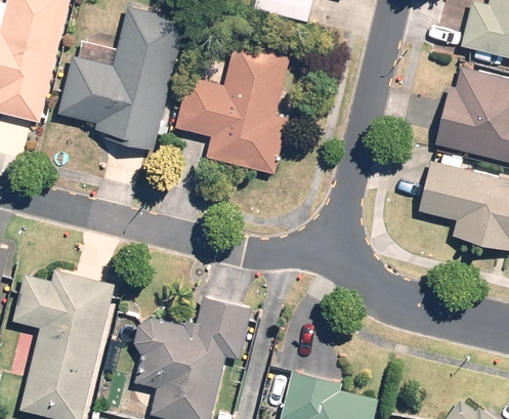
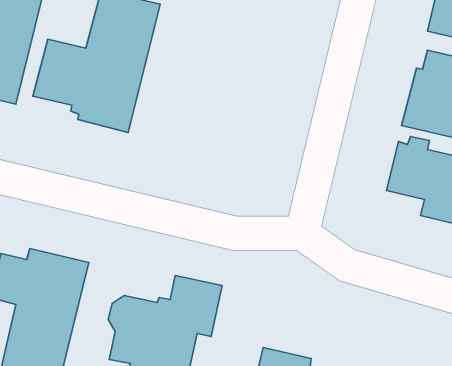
building: [175,38,292,173] -> none

